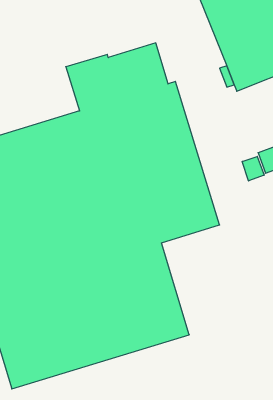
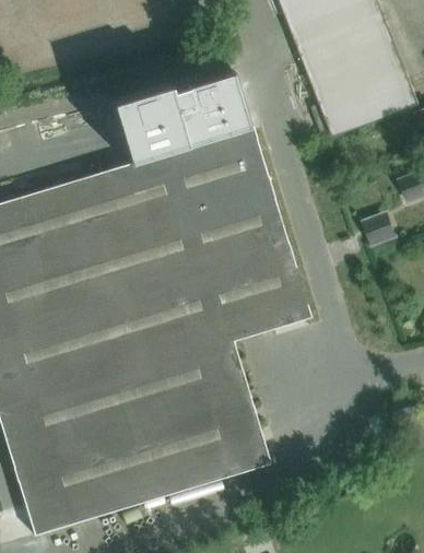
building: [242,156,264,181] -> none

